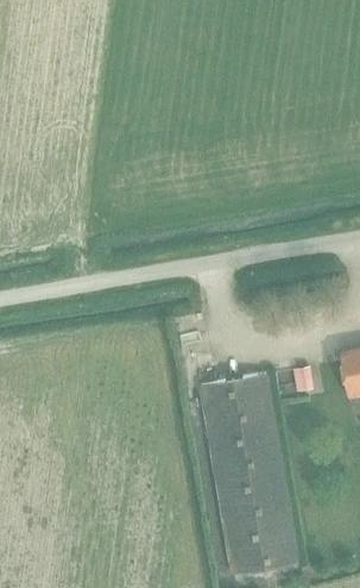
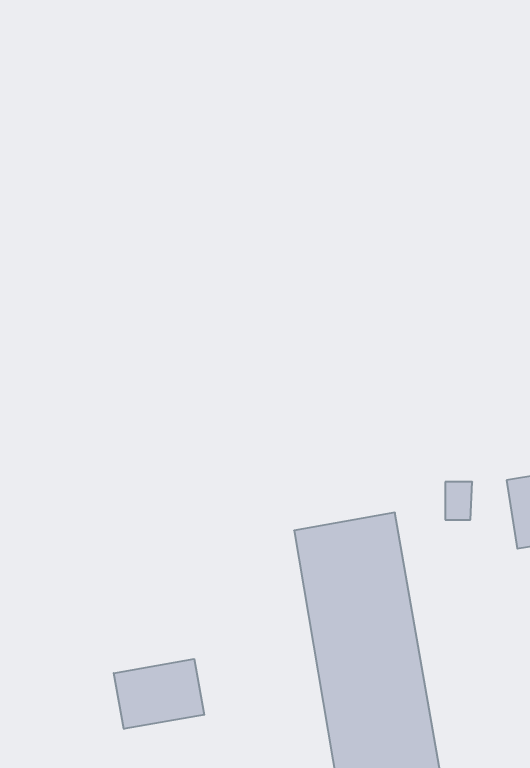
building: none -> [114,659,204,729]

